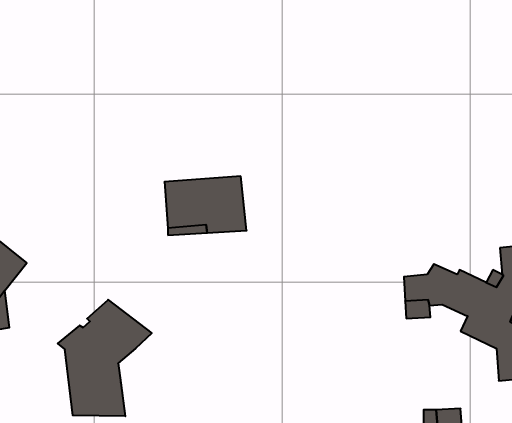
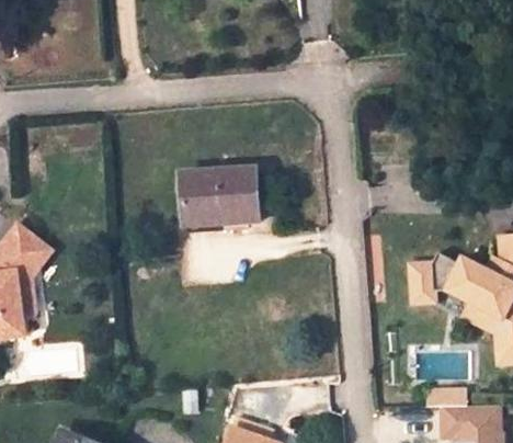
building: [58,300,152,416] -> none

